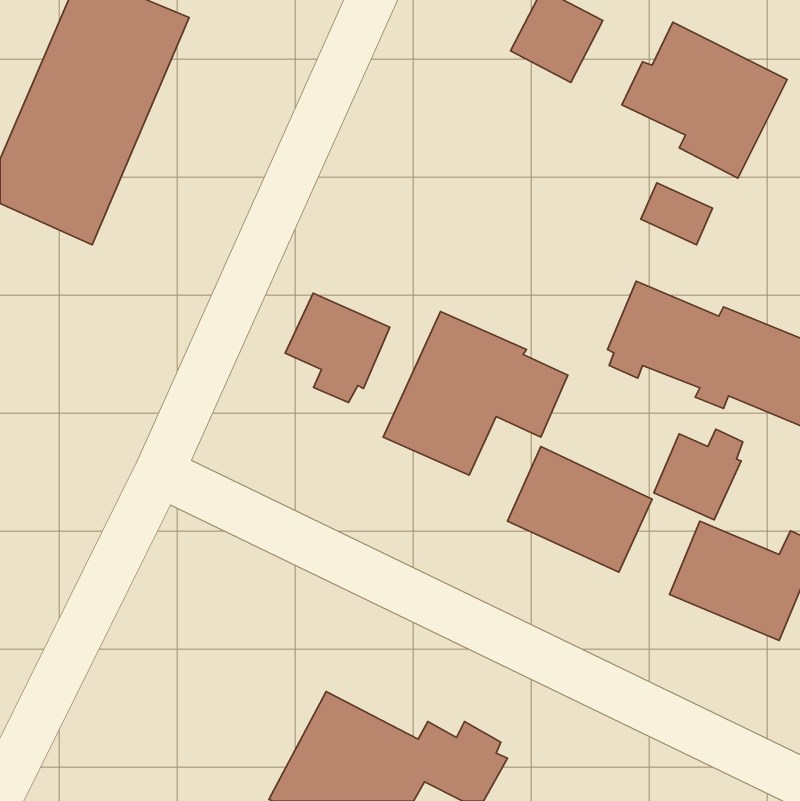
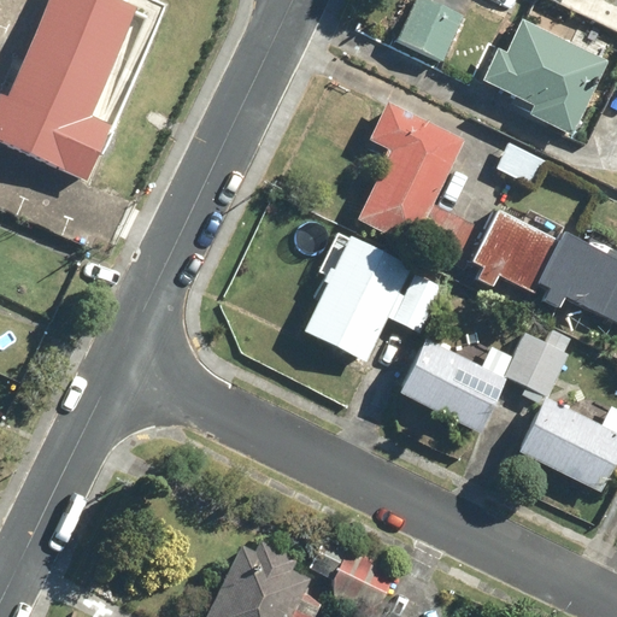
building: none -> [355,101,465,257]
building: [285,293,390,402] -> none

